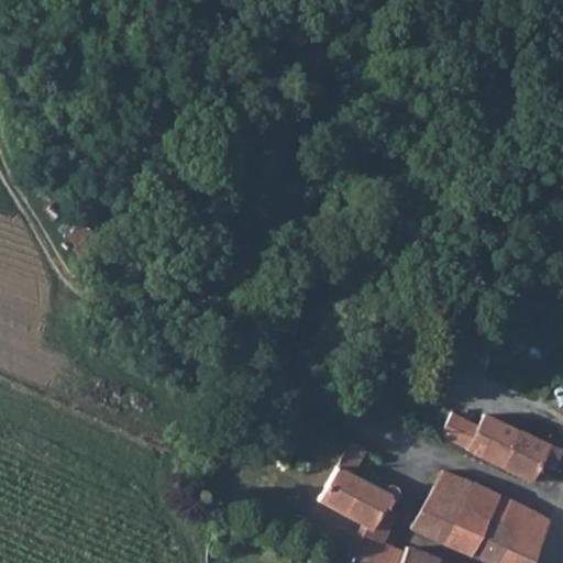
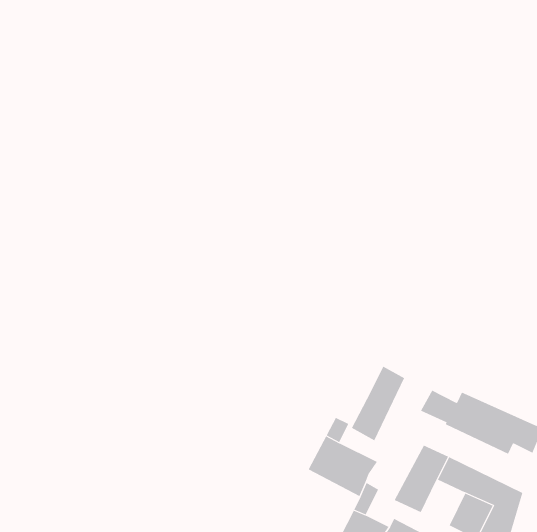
building: none -> [351,366,405,441]
building: [442,508,487,555] -> none

